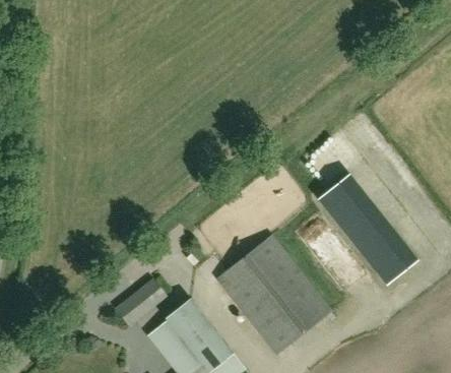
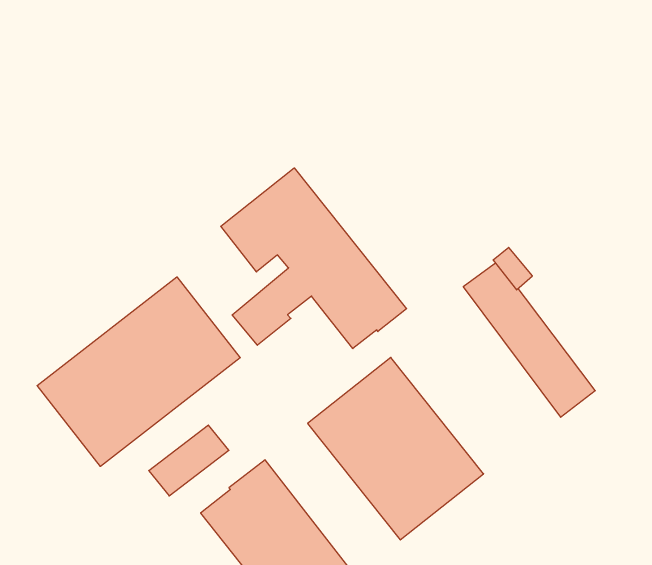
building: none -> [221,168,407,349]
building: none -> [37,277,240,466]

